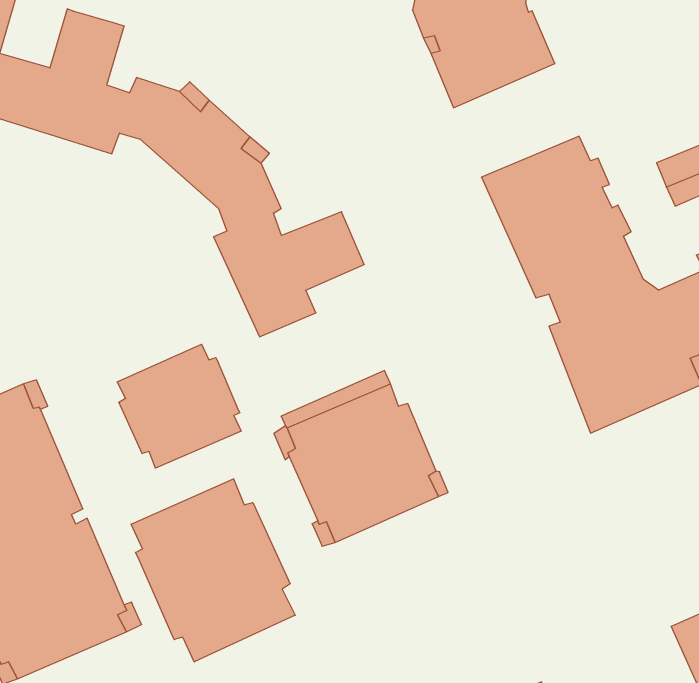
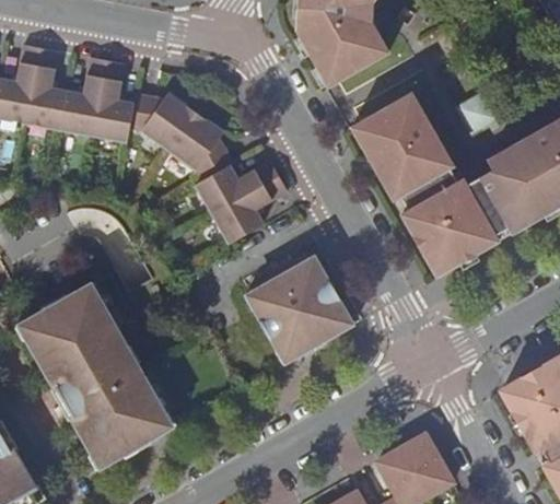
building: [117,344,241,468] -> none
building: [131,479,295,662] -> none

